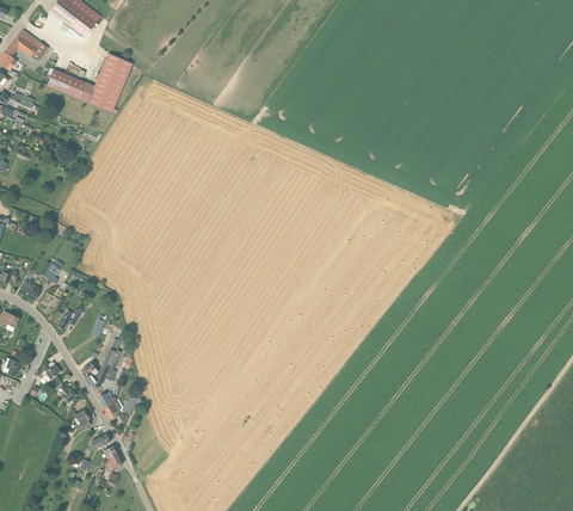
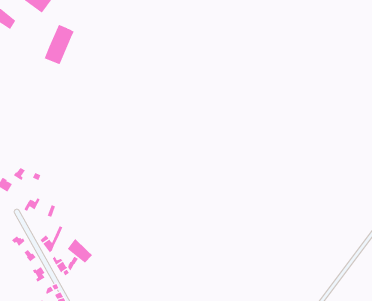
building: [47,68,86,99] -> none
building: none -> [67,238,93,263]

